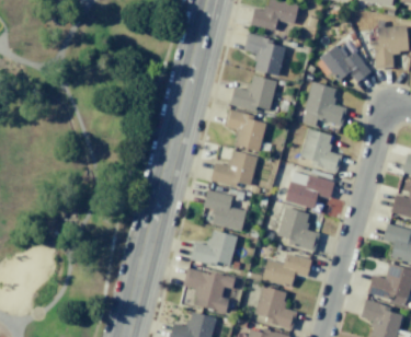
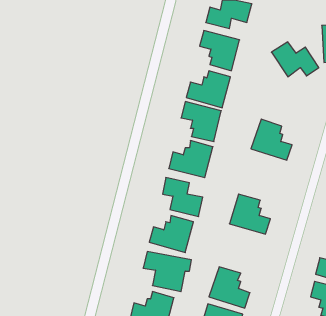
building: [304,81,346,125] -> none
building: [285,171,334,209] -> none
building: [262,253,312,288] -> none

